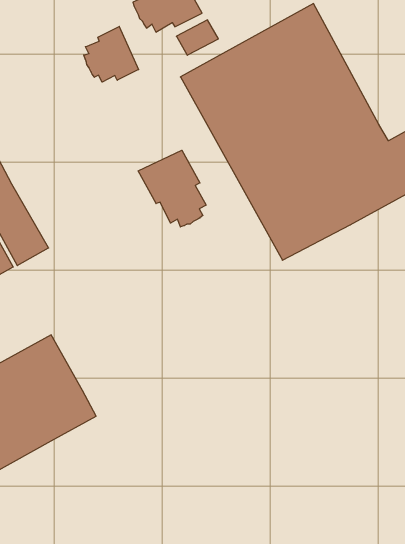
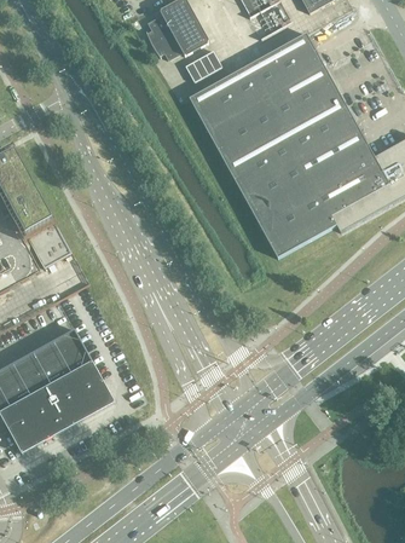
building: [84,26,139,82] -> none
building: [138,150,206,227] -> none

